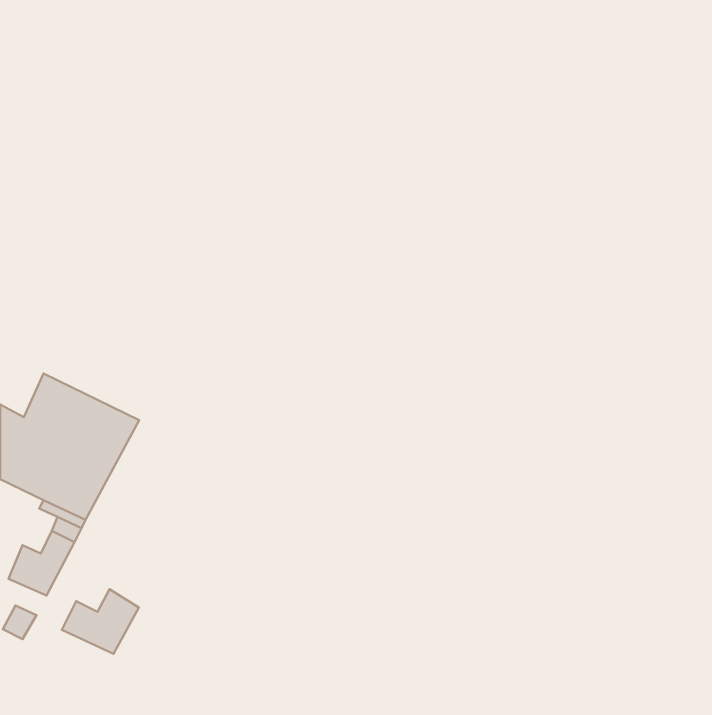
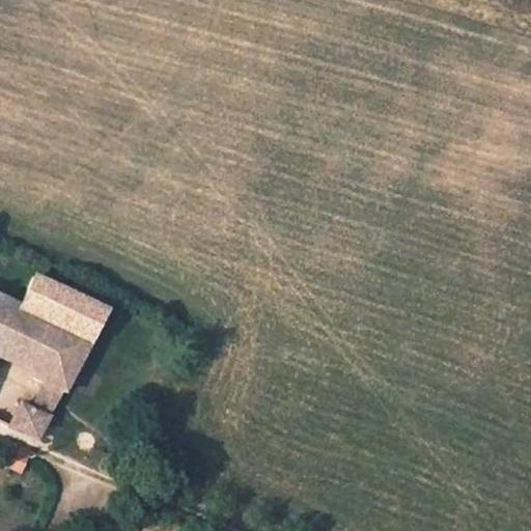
building: [62,589,139,654] -> none

